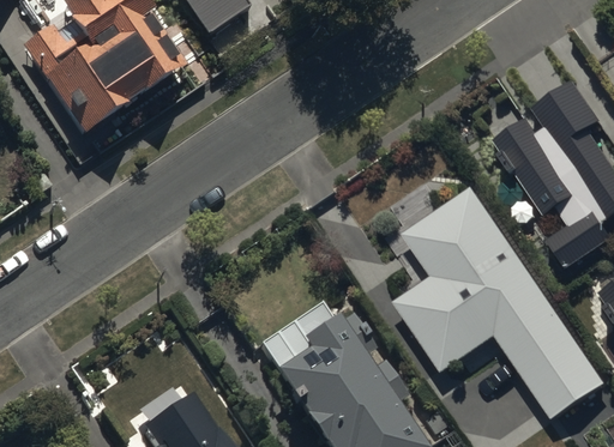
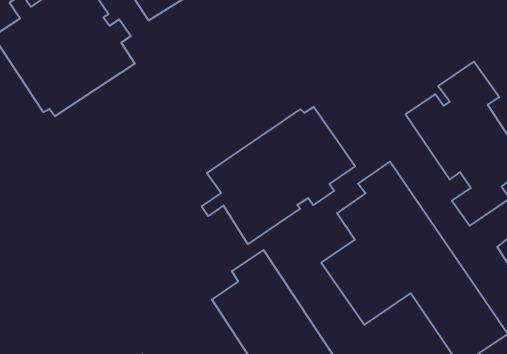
building: none -> [202,107,355,244]

